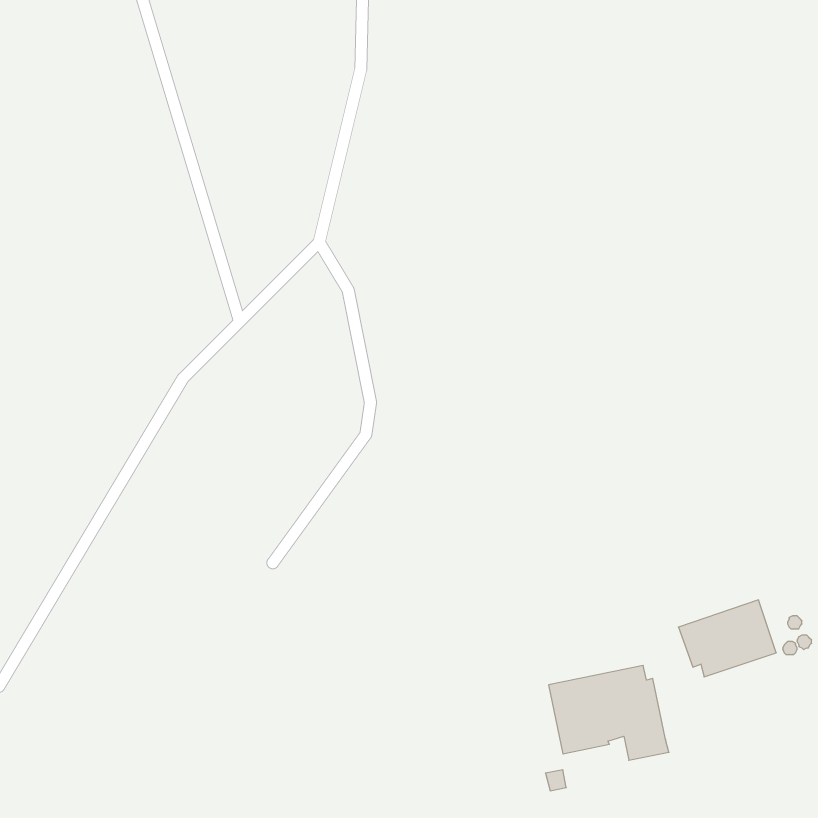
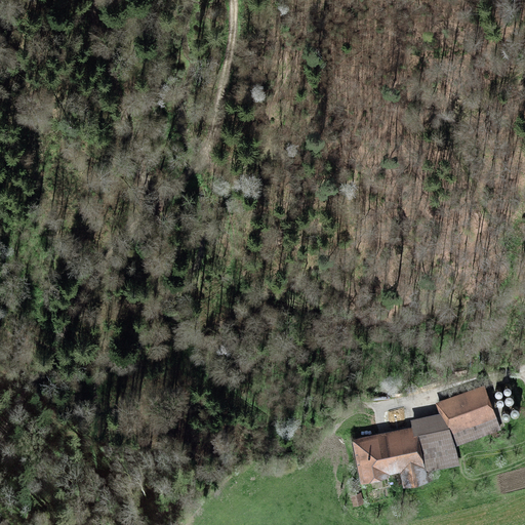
building: none -> [410,413,500,474]

